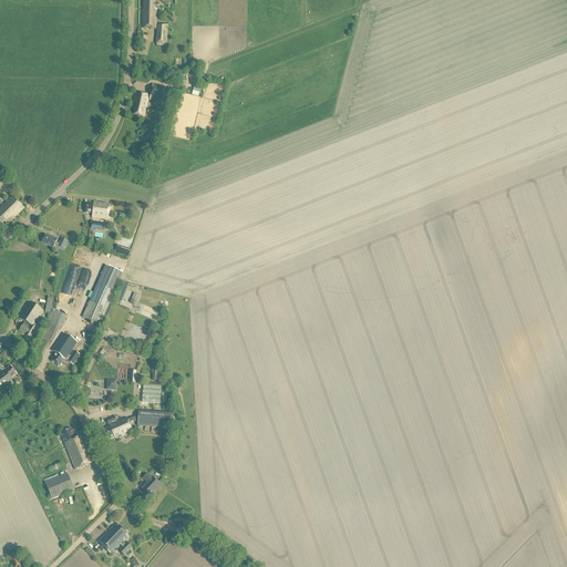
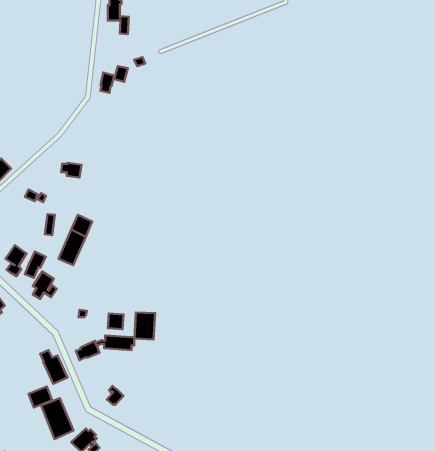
building: none -> [135,313,155,340]
building: none -> [41,398,73,439]

